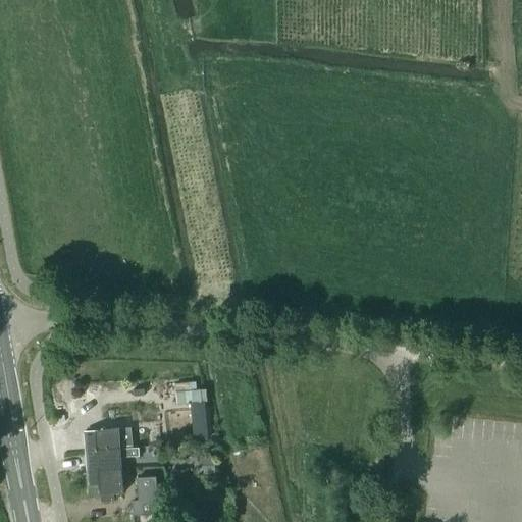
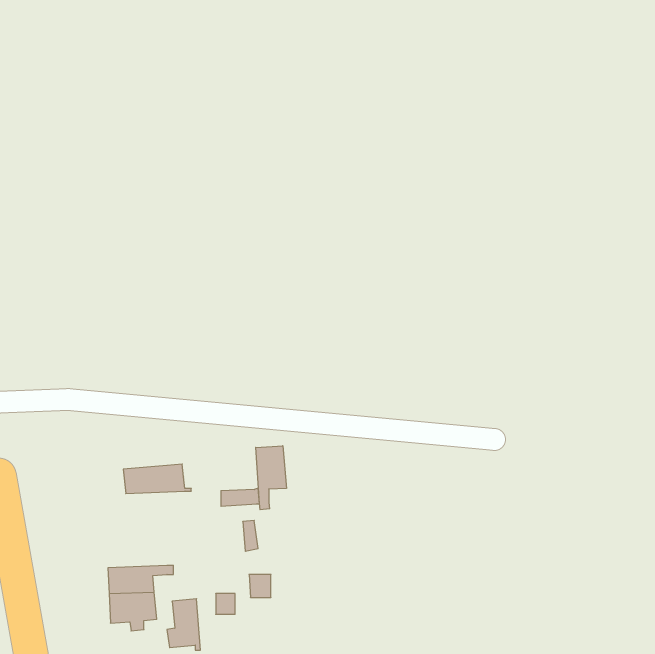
building: none -> [256,446,286,510]
building: [84,427,138,451] -> [123,464,191,494]

